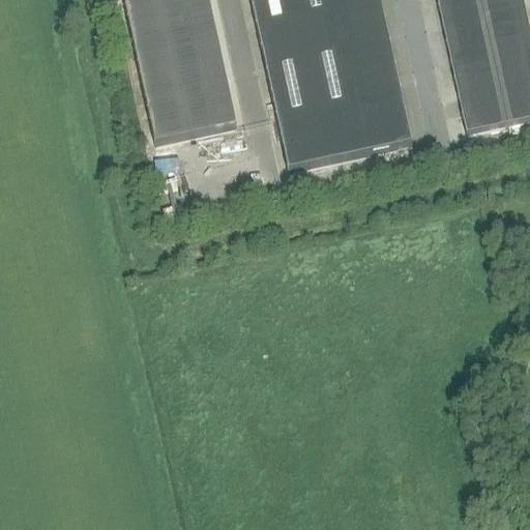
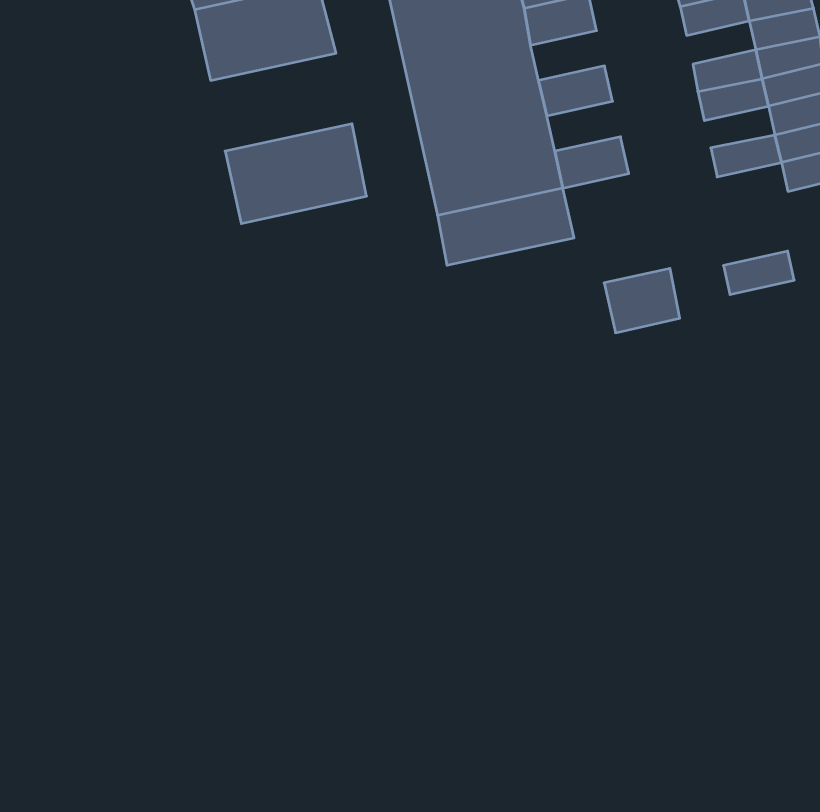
building: [443,13,488,41] -> none
building: [343,20,390,52] -> none
building: [137,34,228,97] -> none
building: [353,65,401,97] -> none
building: [454,68,500,95] -> none
building: [463,105,508,132] -> [723,251,794,295]
building: [363,112,412,153] -> [604,268,680,333]

